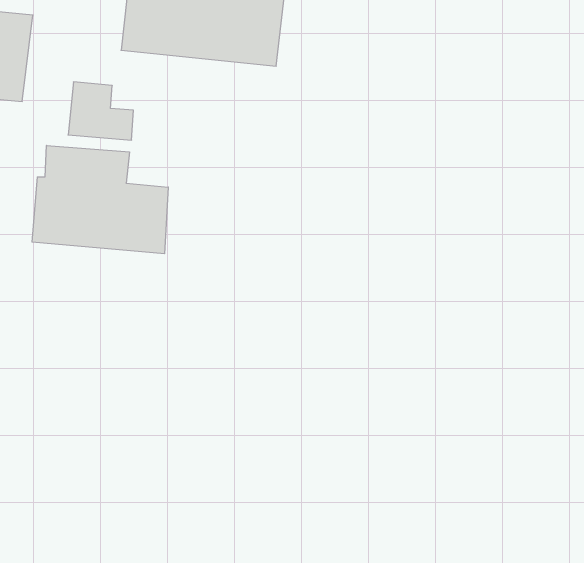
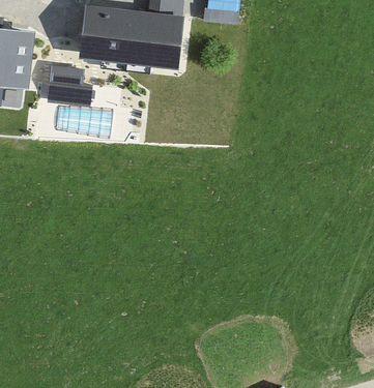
building: [32,145,168,254] -> none

